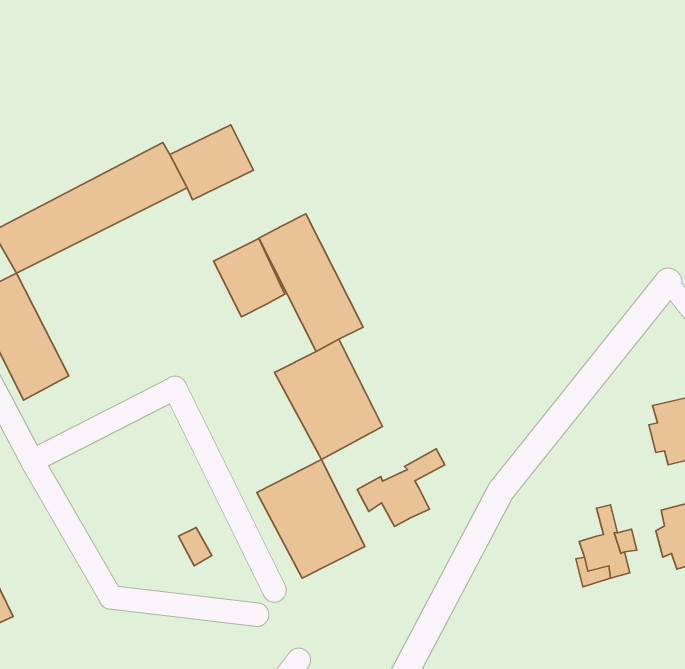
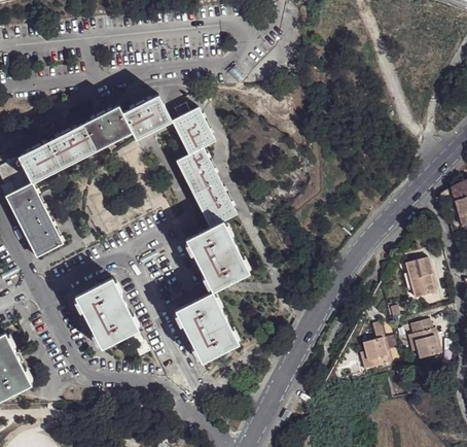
building: [214,238,285,317] -> [172,109,214,156]
building: none -> [74,278,138,349]
building: [357,449,445,526] -> none

